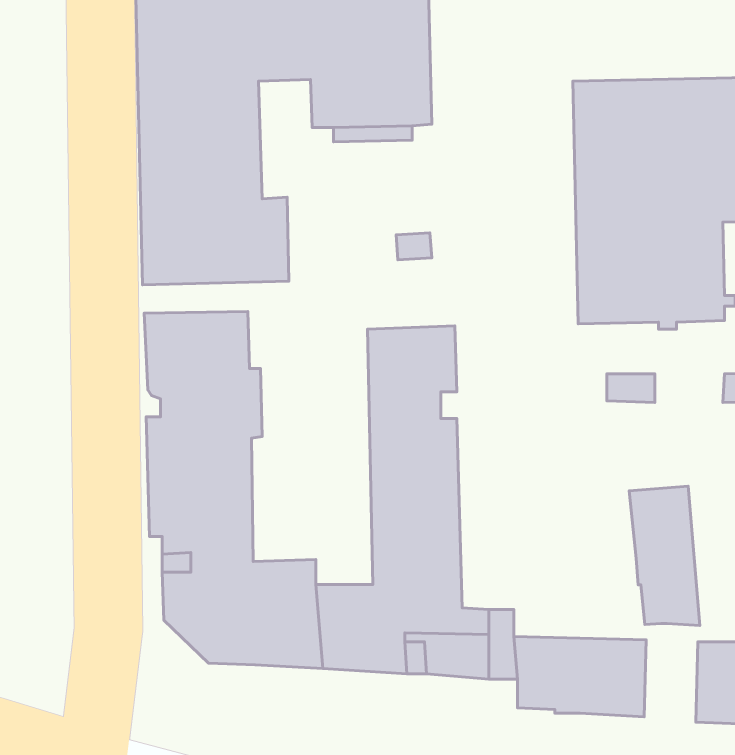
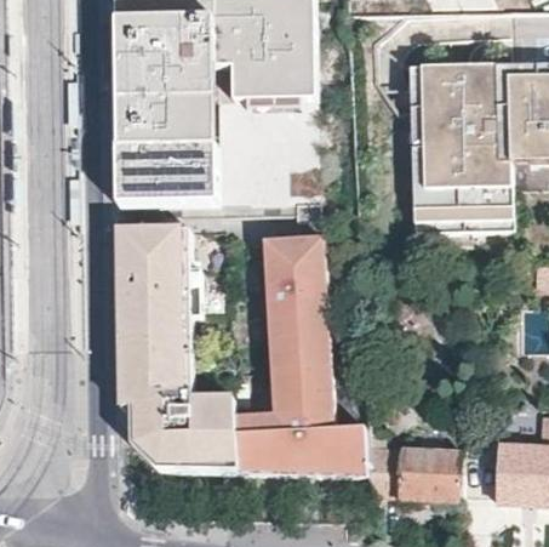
building: none -> [194,65,230,147]
building: [629,486,700,626] -> none

